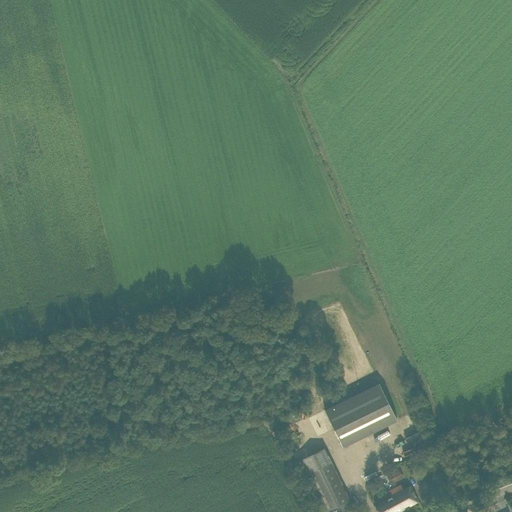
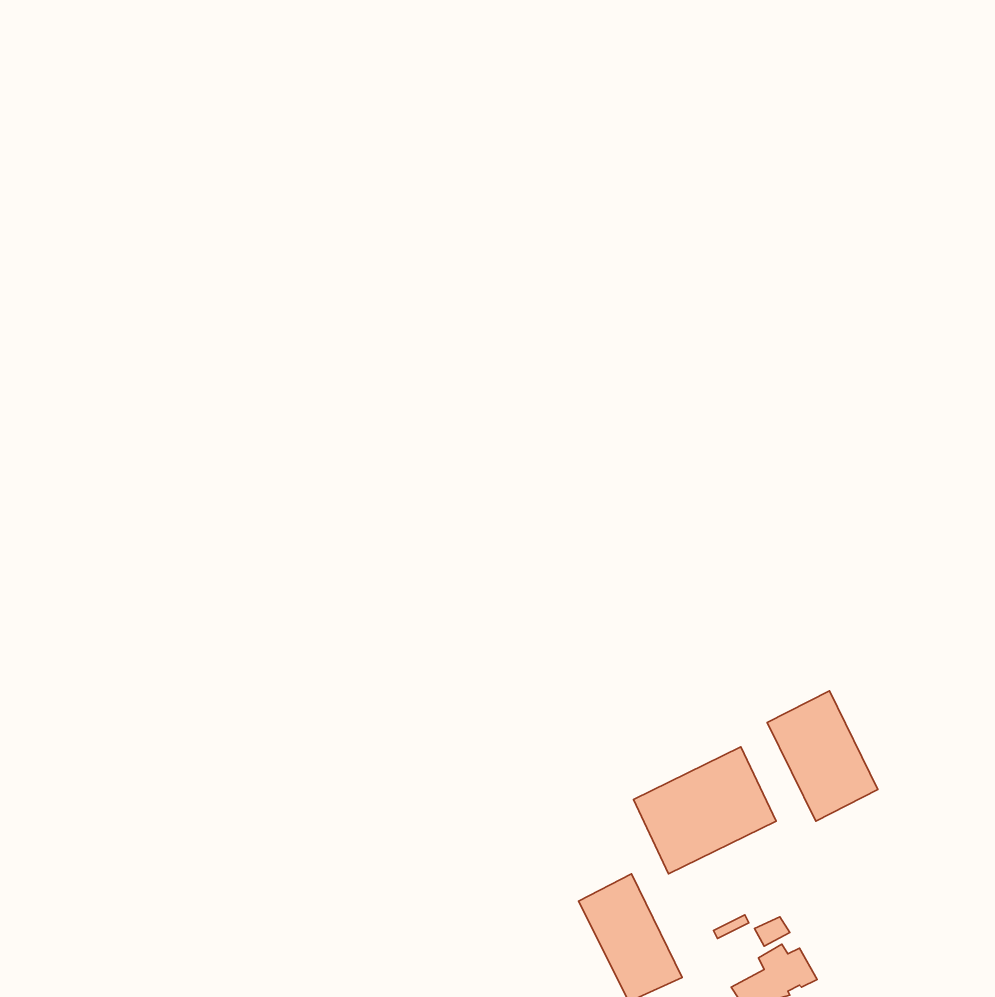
building: none -> [767,691,878,821]

